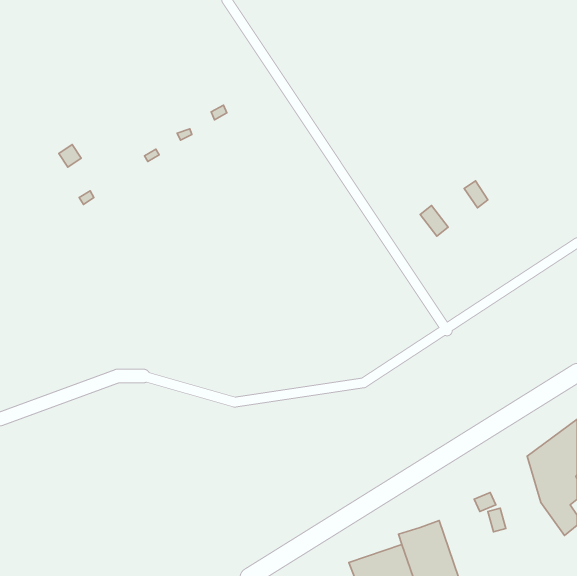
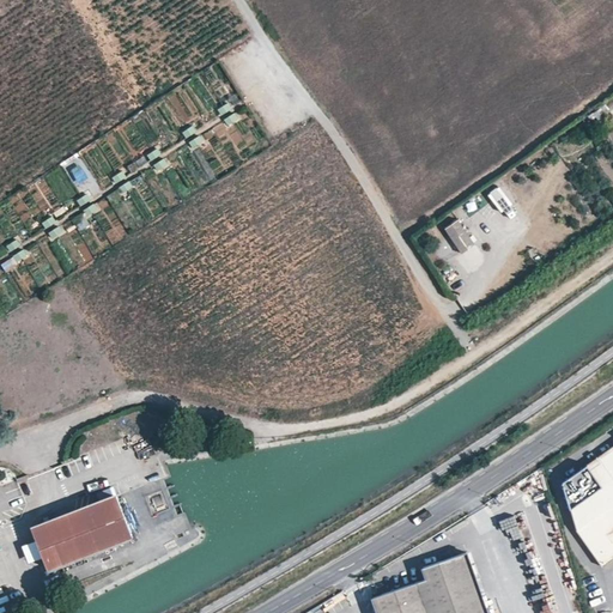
building: none -> [31,497,132,568]

